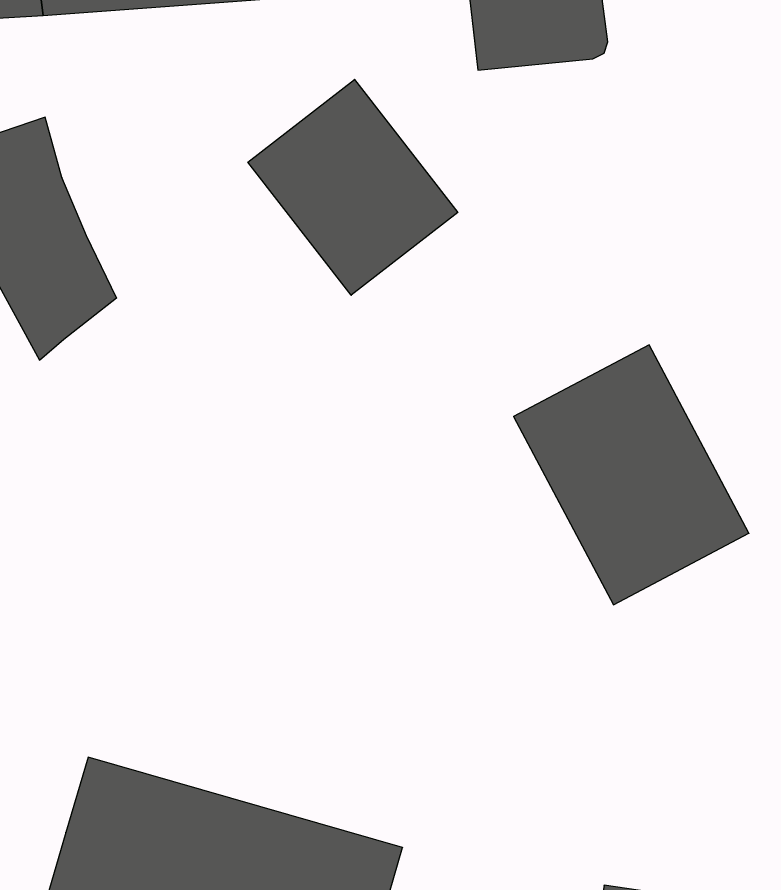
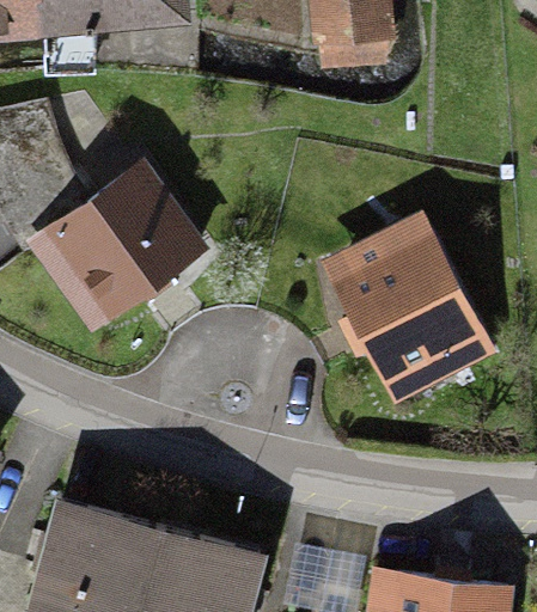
building: [248,79,458,295] -> none
building: none -> [48,166,199,314]

